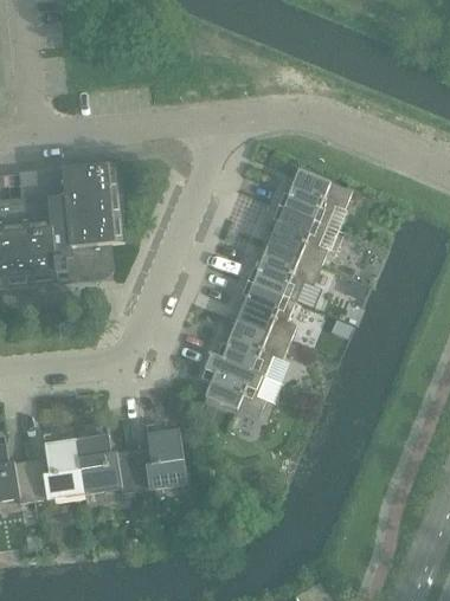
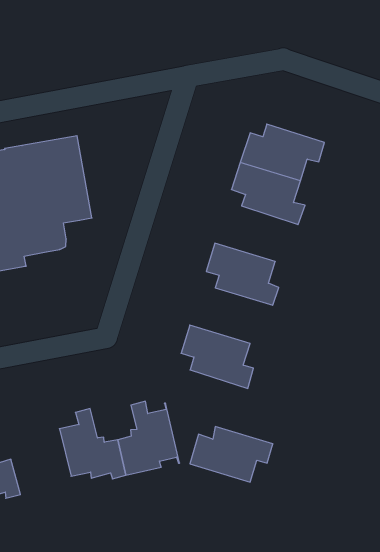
building: [239,244,320,299] -> none
building: [208,319,289,375] -> [190,427,273,482]
building: [27,432,83,499] -> none

